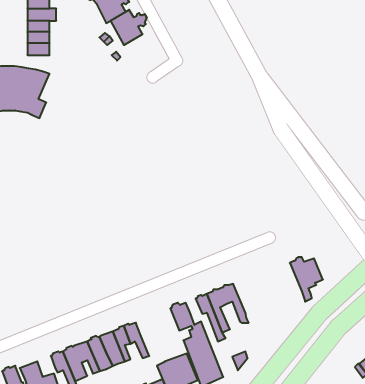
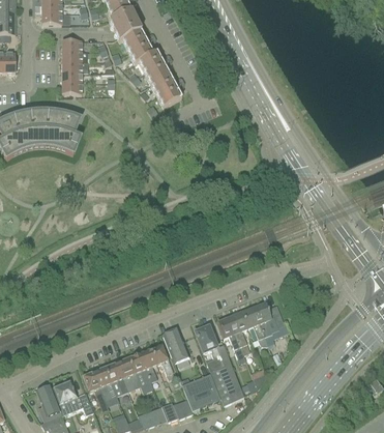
building: none -> [151,75,185,108]
building: [290,257,323,302] -> [254,304,285,345]
building: none -> [164,327,190,363]

